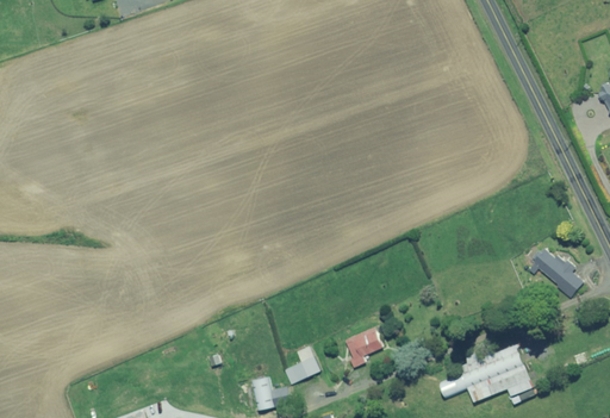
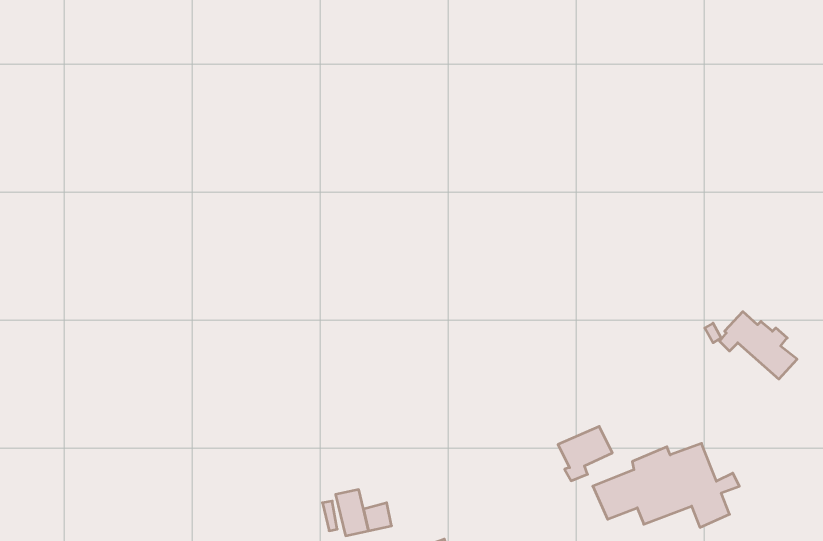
building: [344,327,384,367] -> [558,426,612,481]
building: [284,347,319,385] -> none

